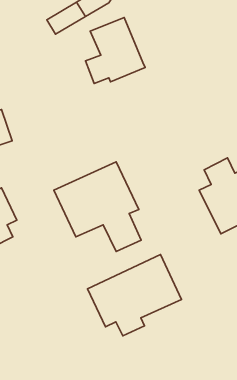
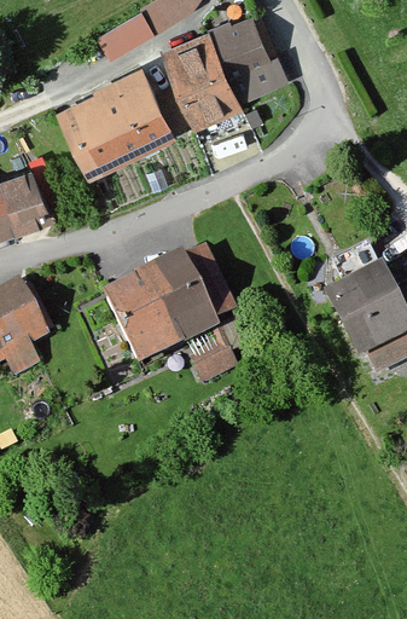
building: none -> [213,12,286,100]
building: none -> [59,73,171,175]
building: [87,255,181,336] -> none

